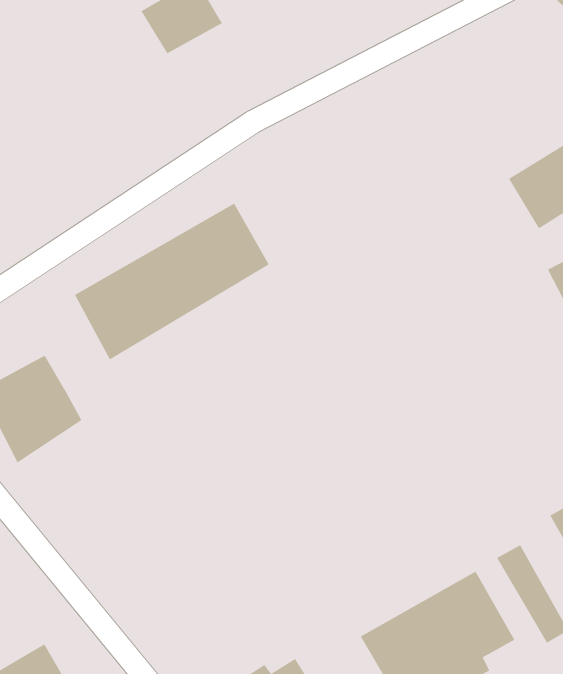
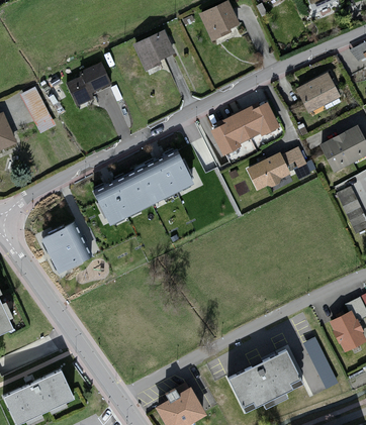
building: none -> [295,73,340,113]
building: none -> [66,63,110,106]
building: none -> [210,102,280,155]
building: none -> [245,146,309,190]

